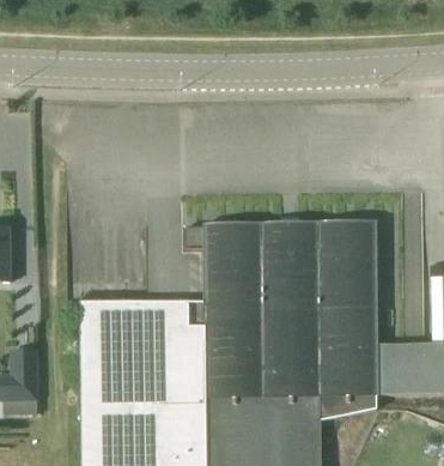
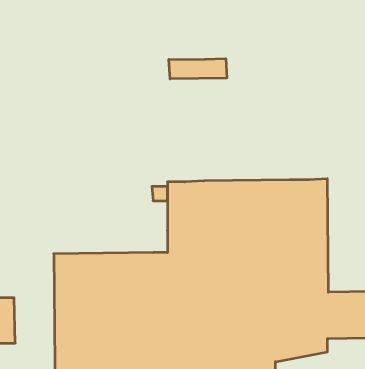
building: none -> [169,59,227,79]

